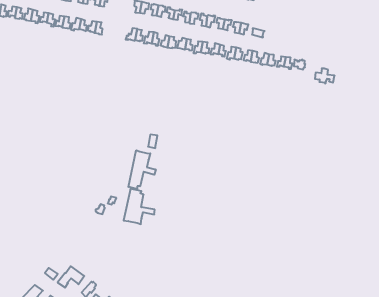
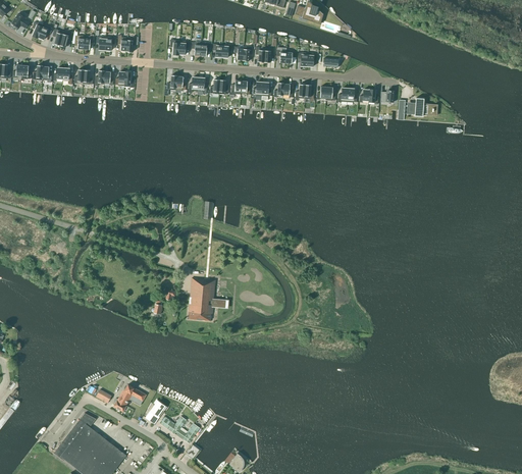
building: [128,150,156,189] -> none

